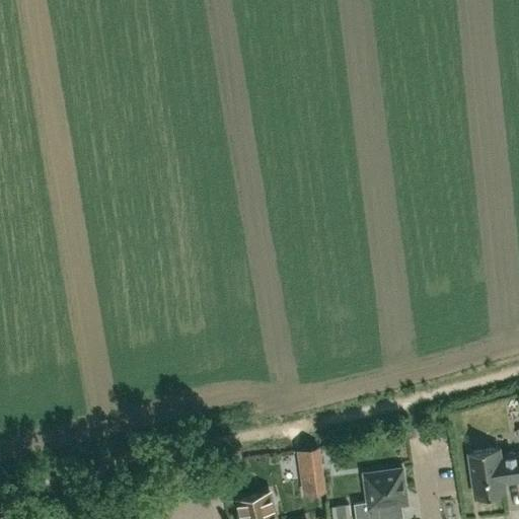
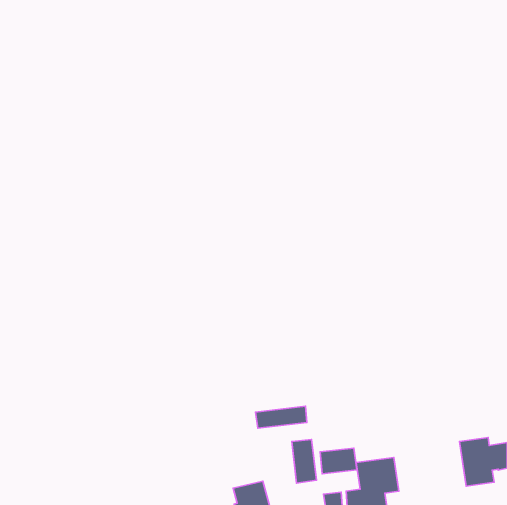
building: none -> [255,406,307,428]
building: none -> [320,448,357,474]

